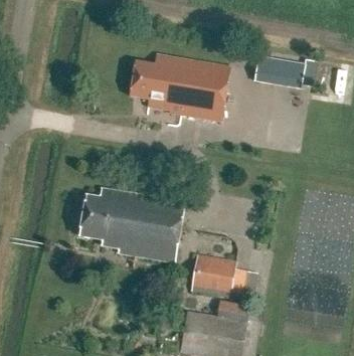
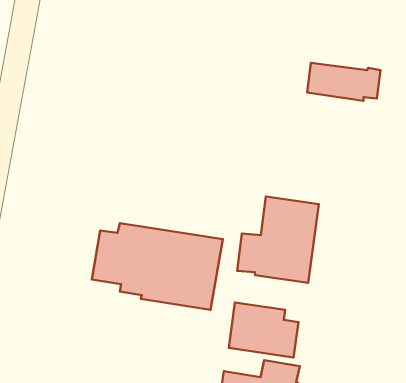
building: [130,54,230,121] -> none
building: none -> [237,196,319,283]

